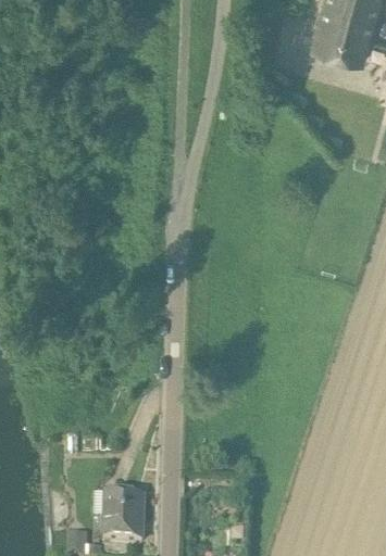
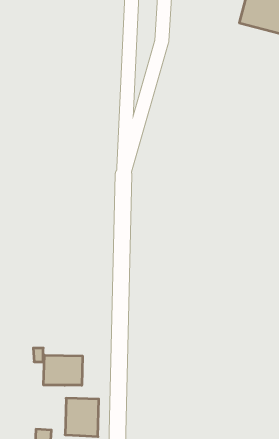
building: none -> [44,355,82,385]

